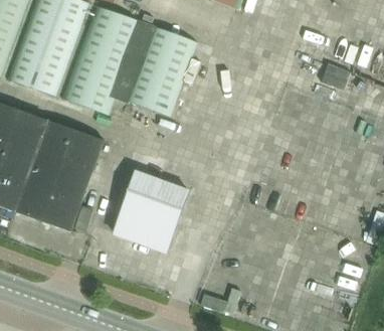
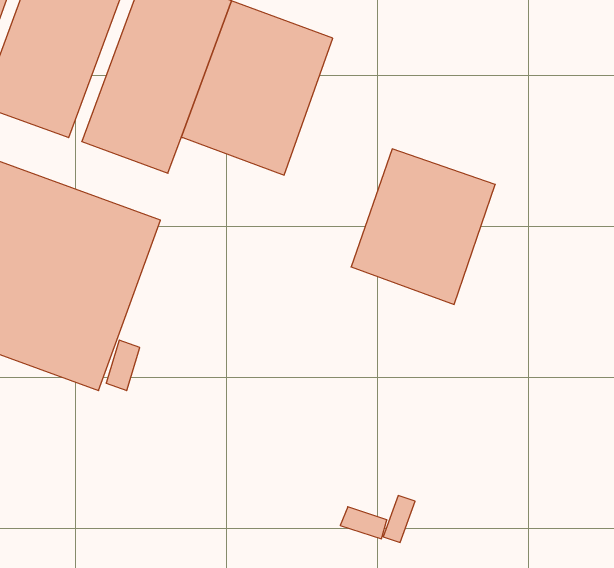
building: [113,170,190,254] -> [351,149,495,304]

